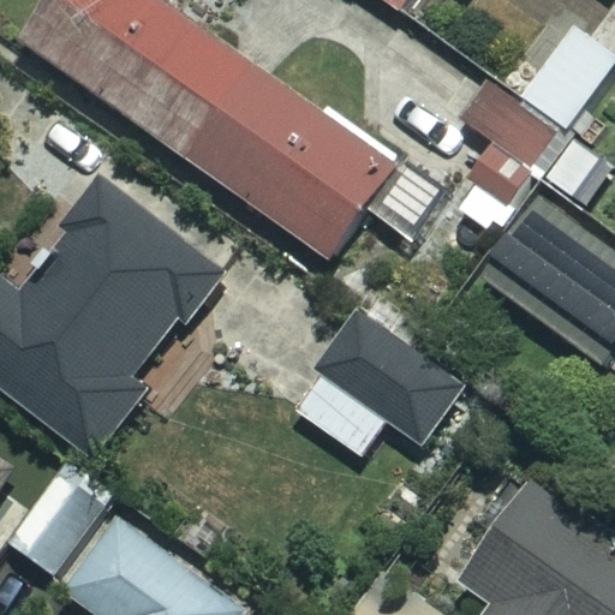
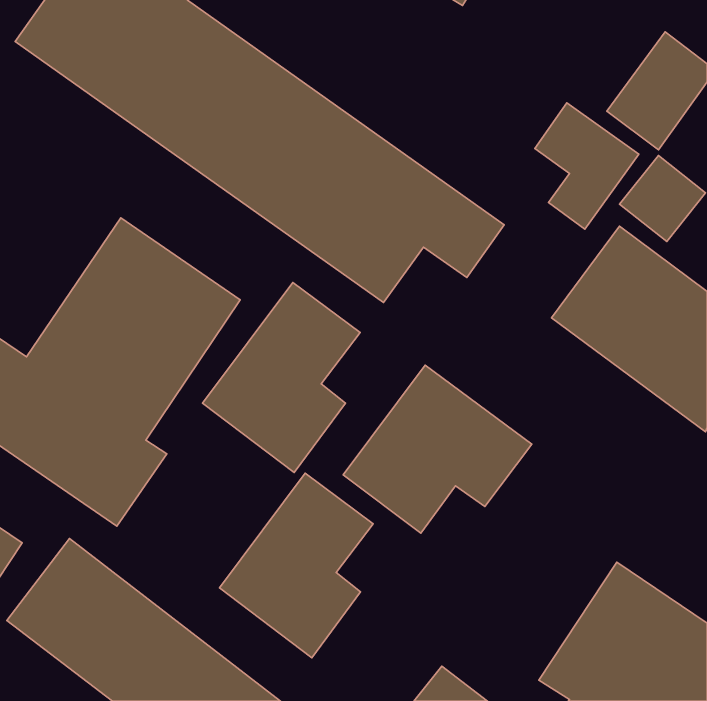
building: none -> [202,282,360,472]
building: none -> [219,473,373,658]

